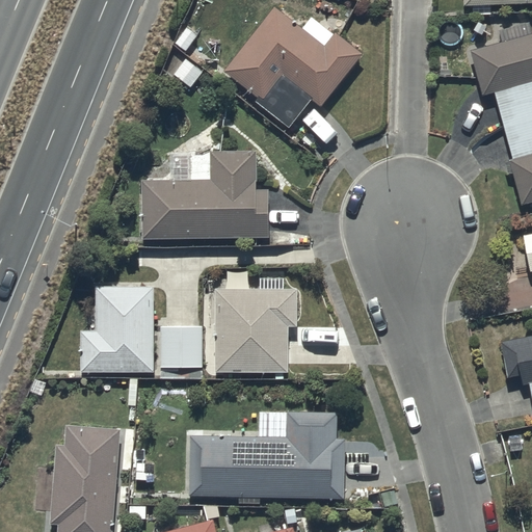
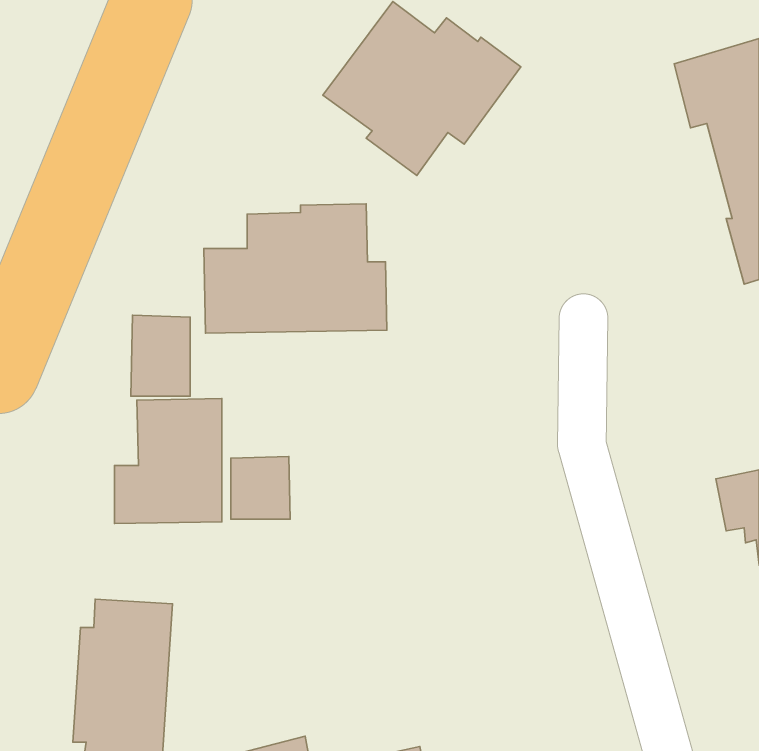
building: none -> [131,315,190,396]
building: [215,278,297,372] -> none
building: [188,413,344,504] -> none

